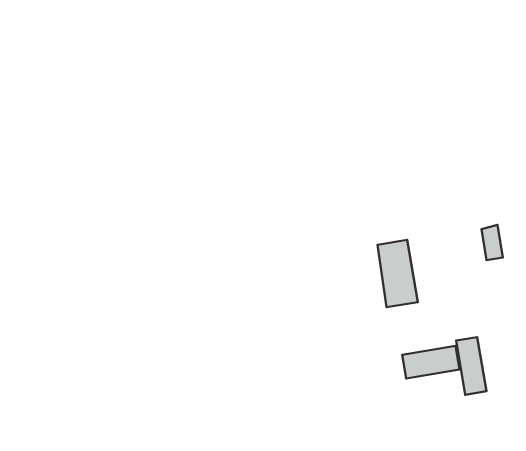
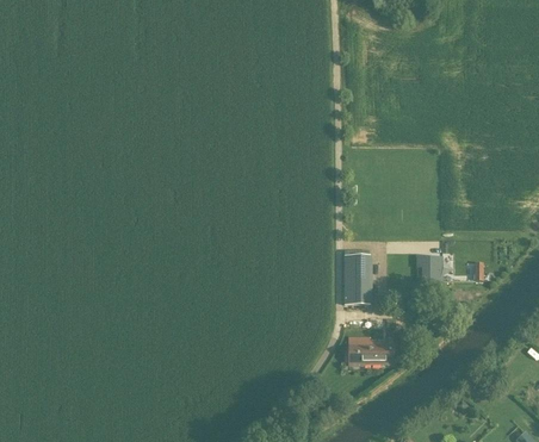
building: [456,337,486,395] -> none

